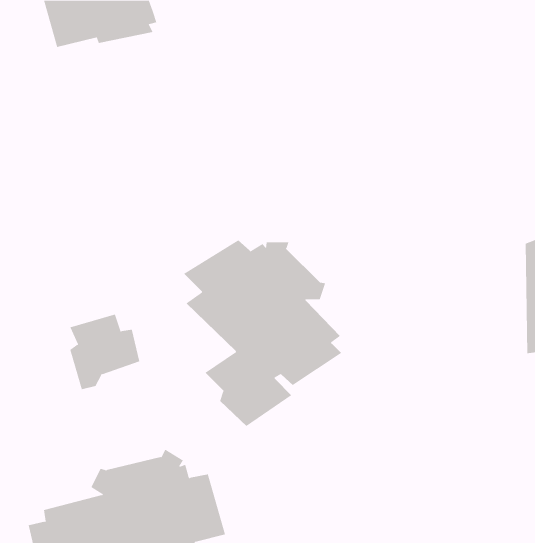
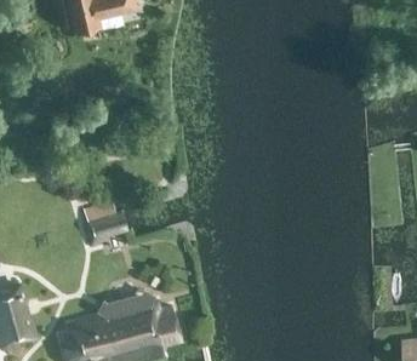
building: [183,240,342,427] -> none

